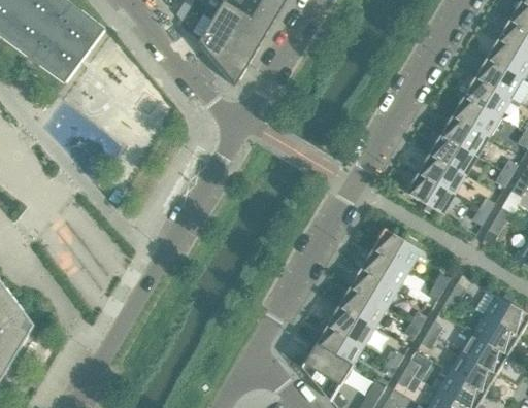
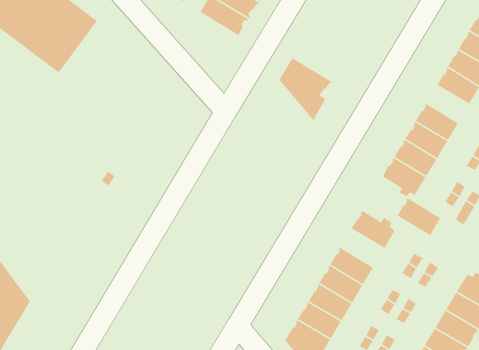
building: [198,19,255,87] -> [279,57,332,122]
building: [452,96,498,136] -> none
building: [361,247,408,288] -> [396,197,441,236]

